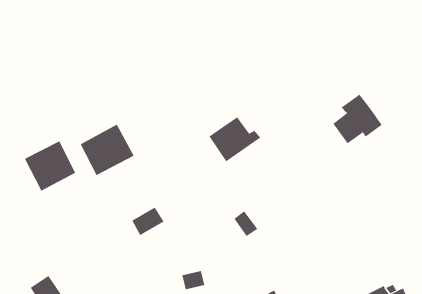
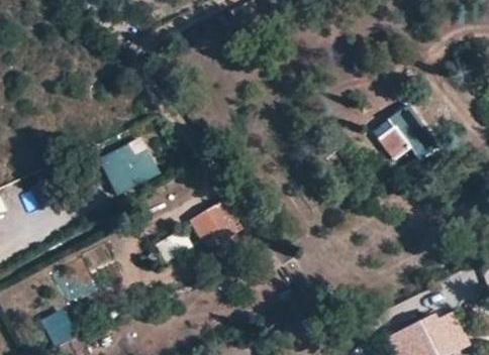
building: [208,117,261,162] -> [189,200,248,250]
building: [24,141,76,191] -> none

